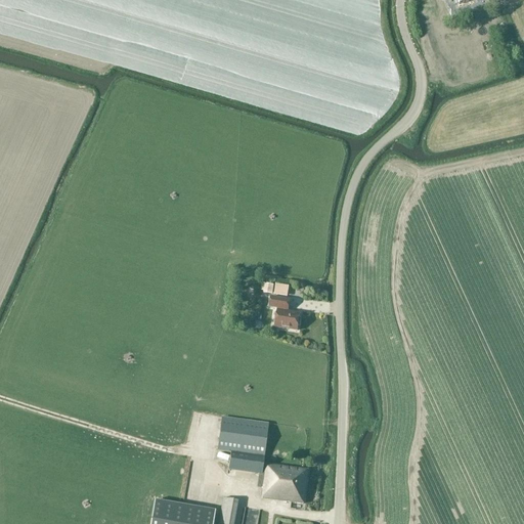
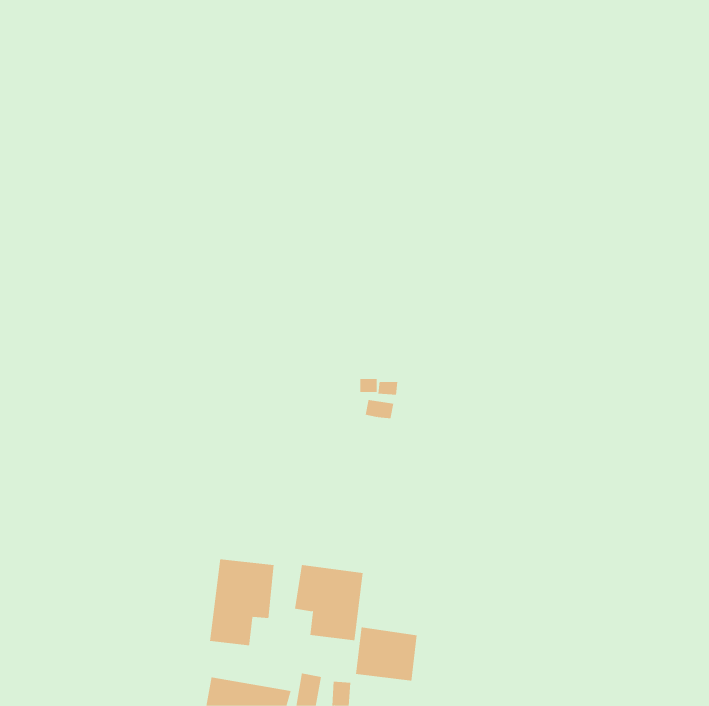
building: [274,308,301,330] -> none
building: none -> [210,559,274,646]

